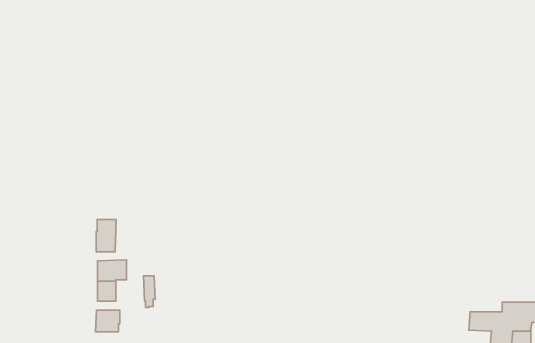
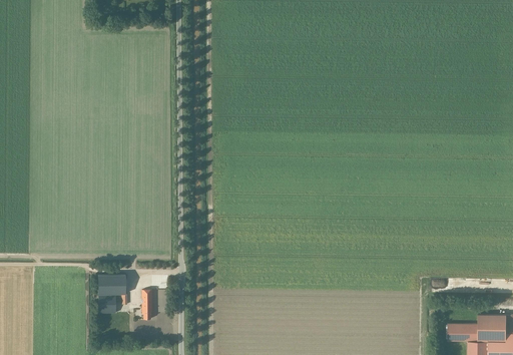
building: [96,219,116,252] -> none
building: [95,310,120,332] -> none

